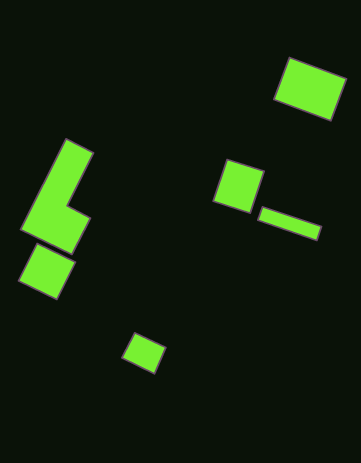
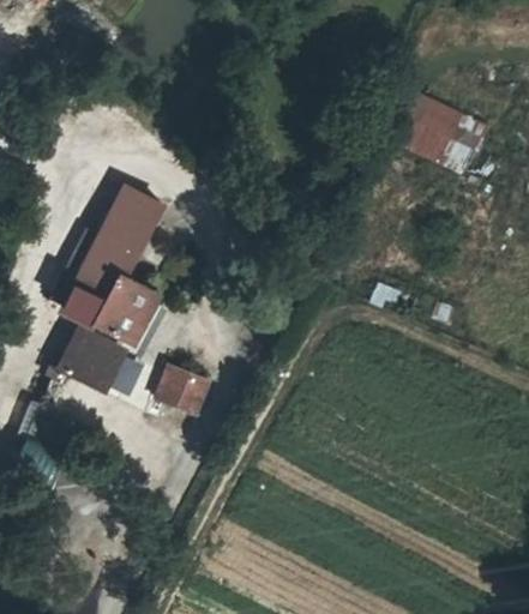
building: [213,159,264,213] -> none
building: [122,333,166,374] -> [152,363,209,416]

